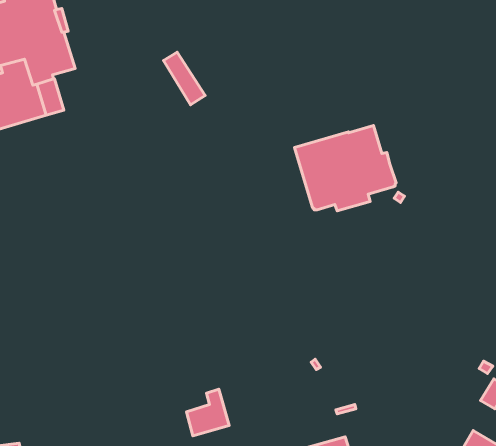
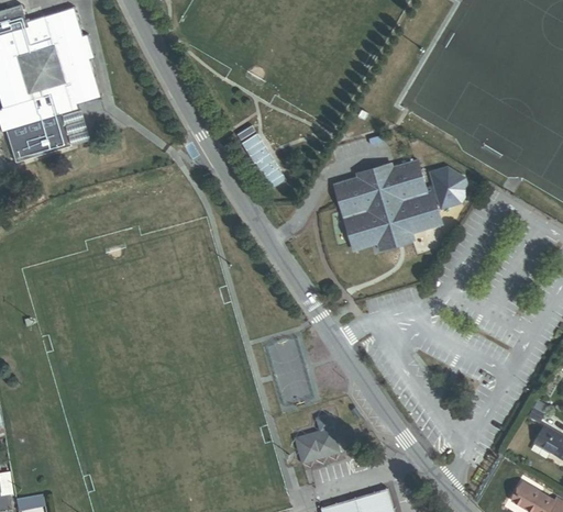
building: [164,52,205,105] -> [242,132,286,188]
building: none -> [430,168,468,209]
building: [187,389,229,436] -> [295,414,340,464]

